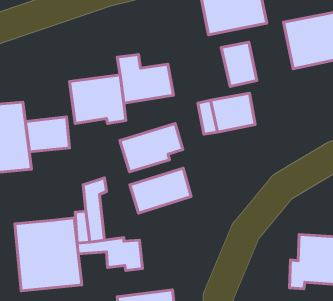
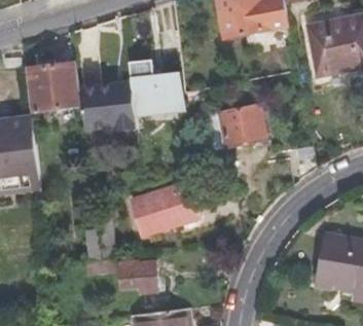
building: [221,42,257,87] -> none
building: [26,117,69,152] -> [29,61,75,98]
building: [120,123,183,172] -> none
building: [15,218,82,291] -> none

